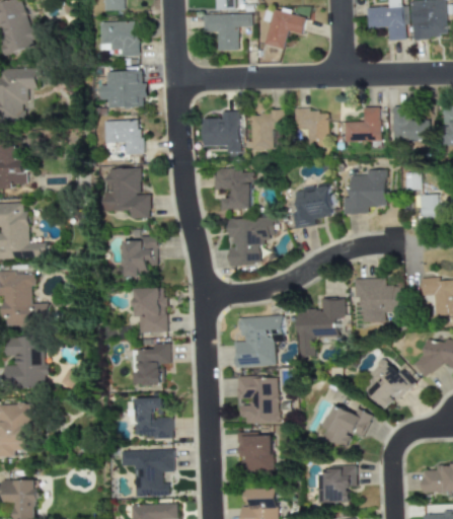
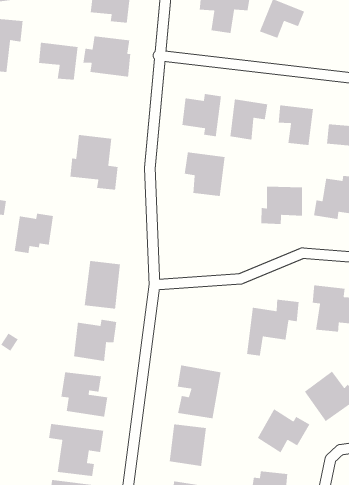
building: [102,120,141,154] -> [38,42,79,81]
building: [227,216,275,265] -> none
building: [124,235,157,276] -> [14,213,54,254]
building: [234,315,283,367] -> none

